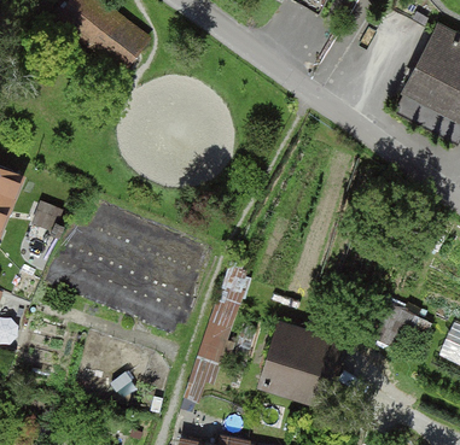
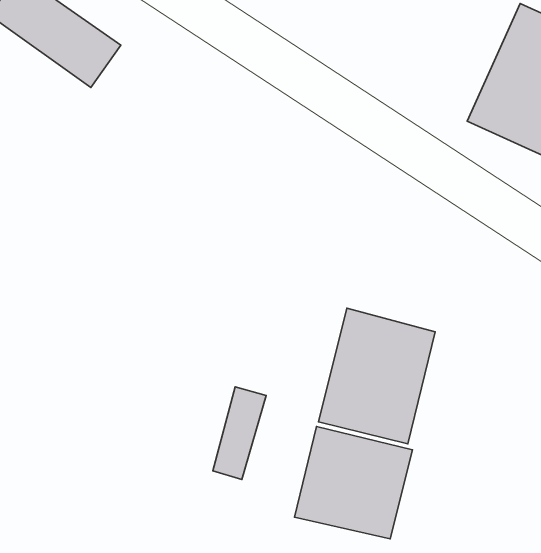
building: none -> [319,308,435,444]

